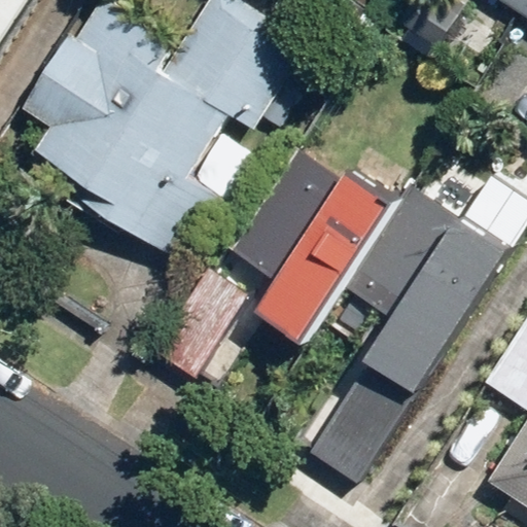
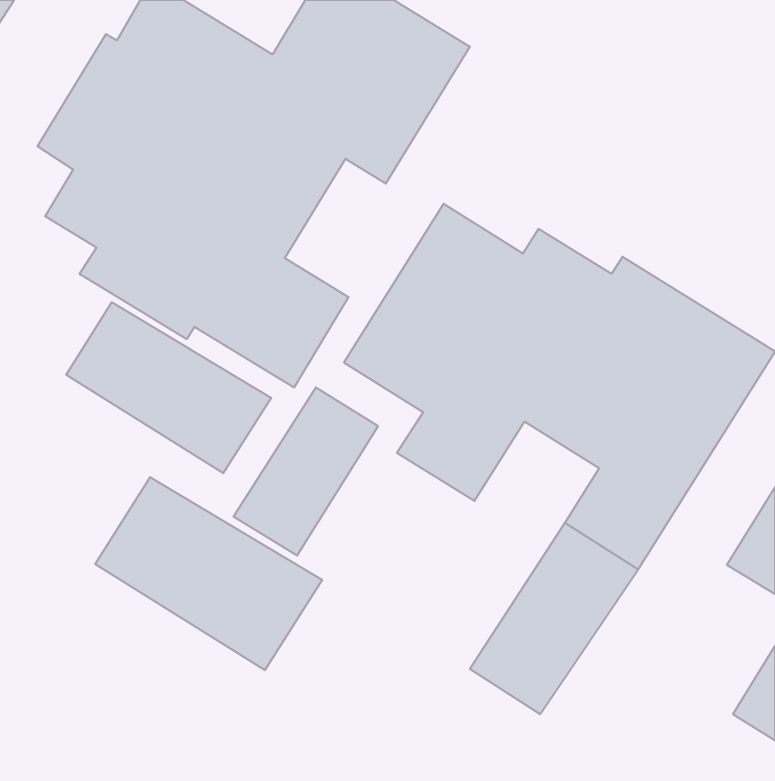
building: none -> [66,302,271,473]
building: none -> [95,477,322,670]

